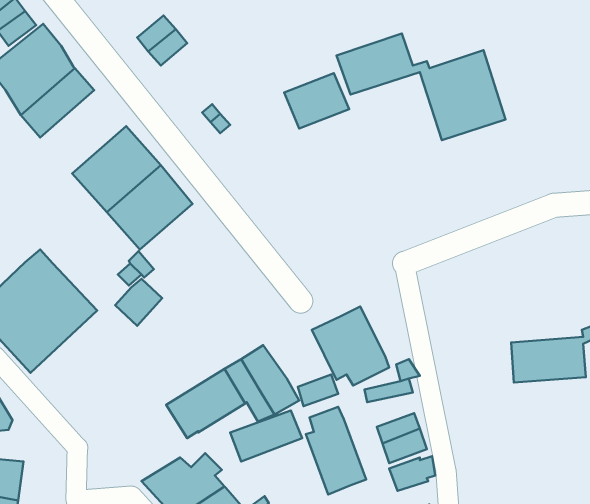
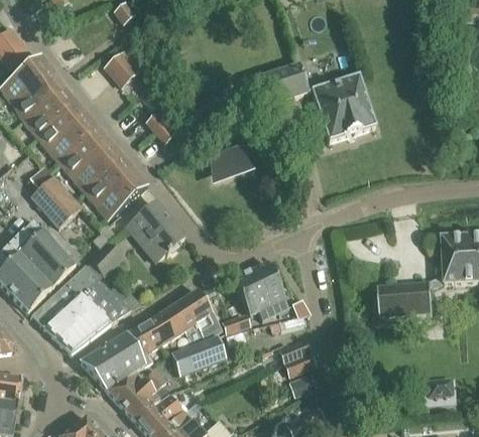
building: [284,73,349,128] -> [202,142,249,182]
building: none -> [34,104,97,164]
building: none -> [30,166,80,227]
building: none -> [126,202,183,260]
building: none -> [32,265,142,352]
building: none -> [82,332,153,388]
building: [306,407,366,494] -> none

